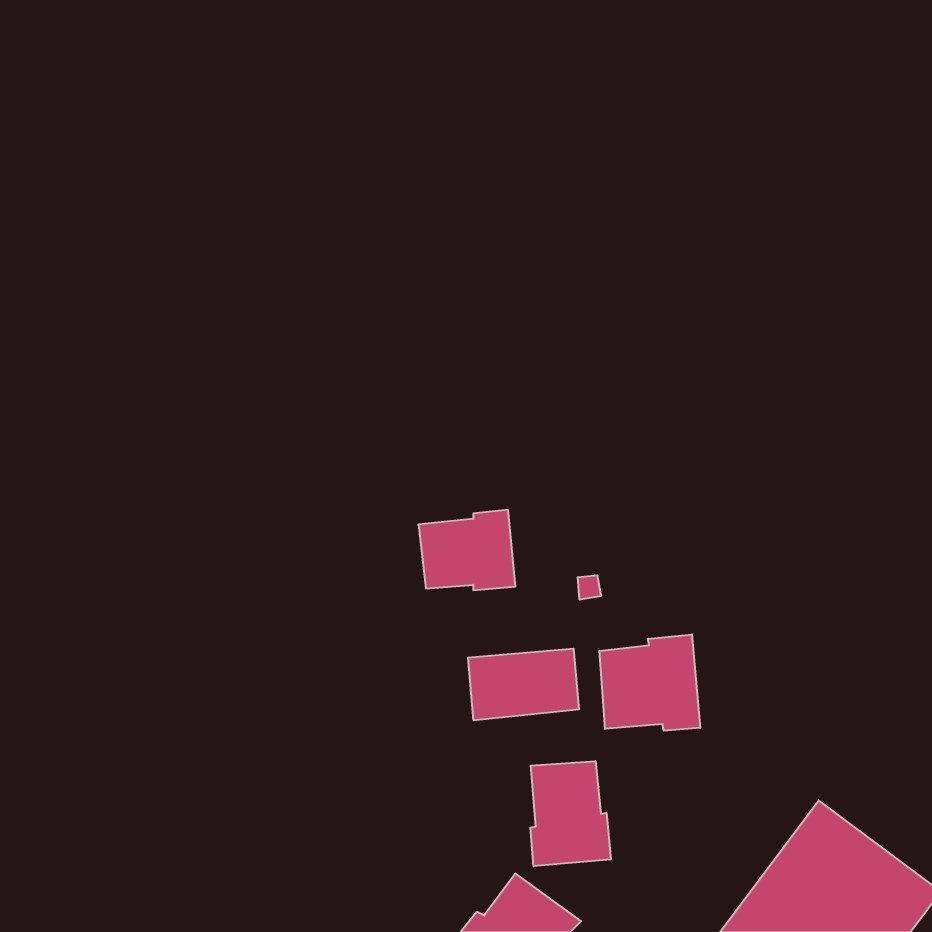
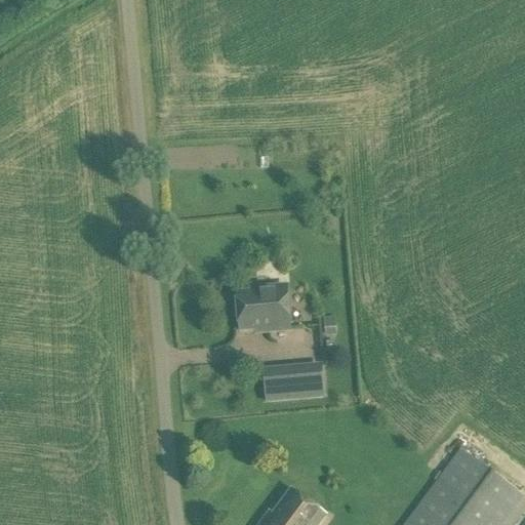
building: [600,634,700,731] -> none
building: [530,761,611,866] -> none

